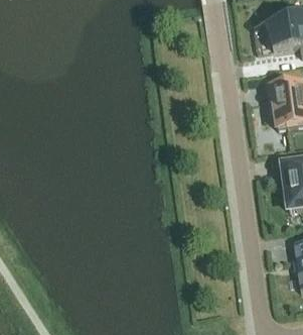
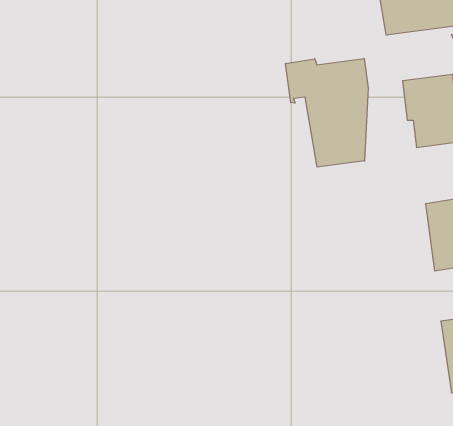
building: none -> [285,58,368,167]

